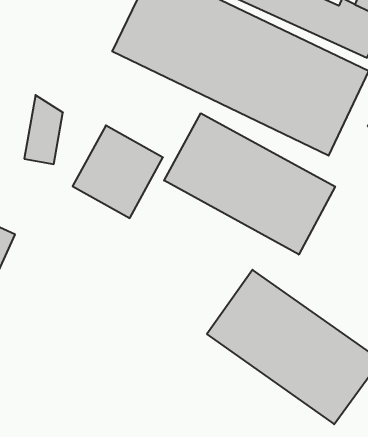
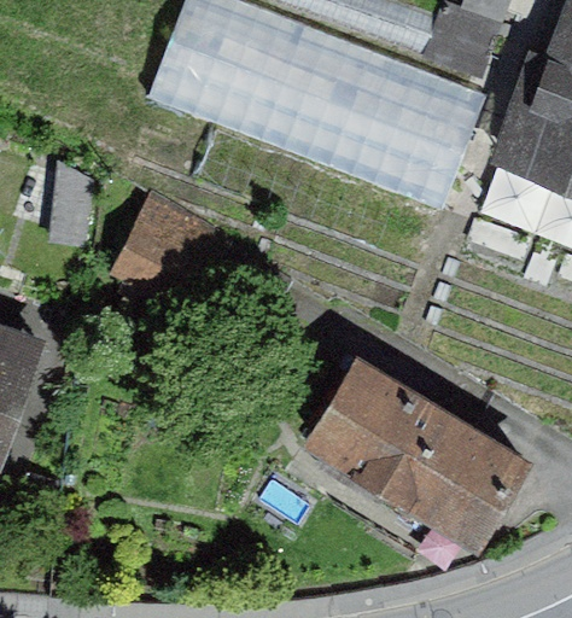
building: [164,113,335,255] -> none

